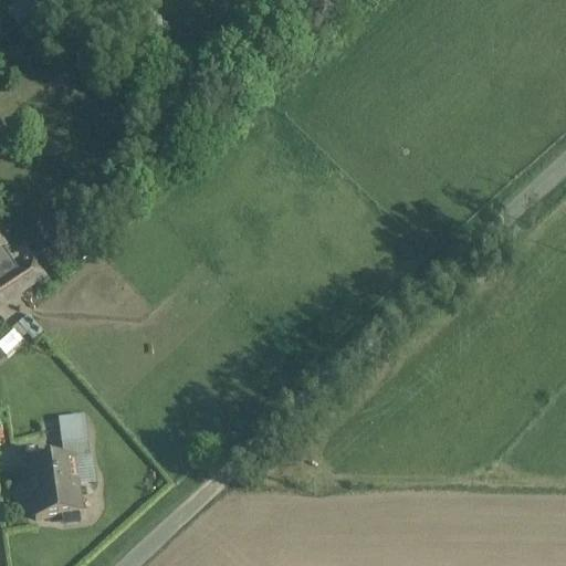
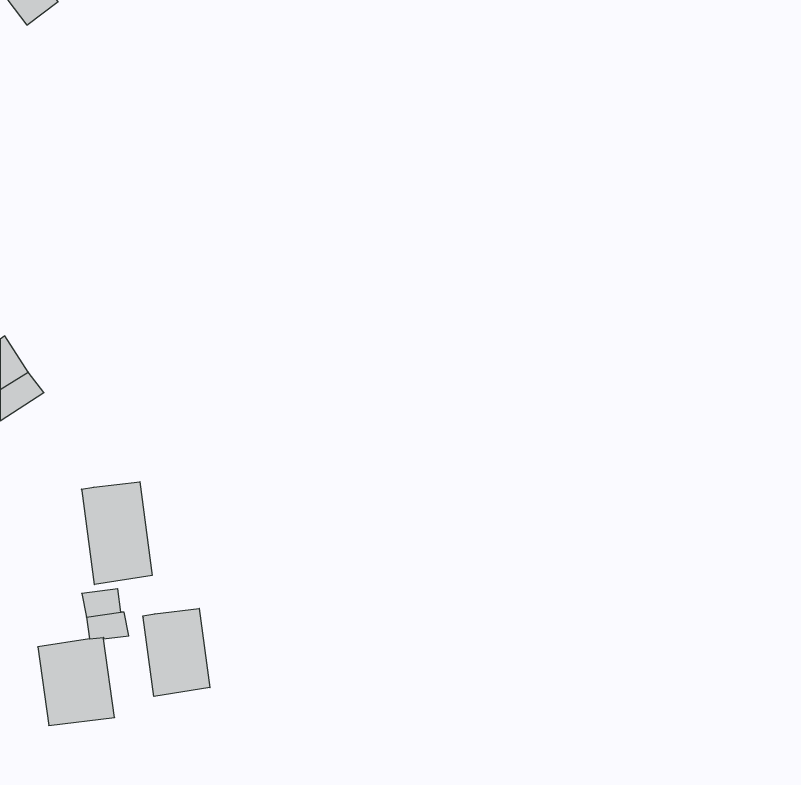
building: none -> [82,482,152,585]
building: none -> [143,608,210,696]

